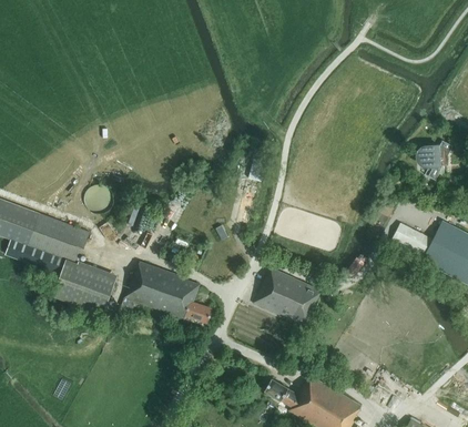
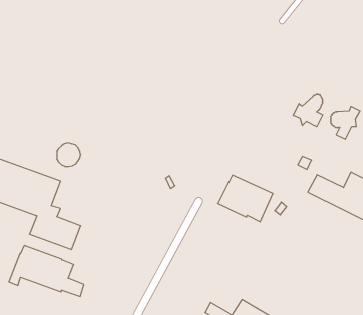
building: none -> [293,94,323,127]
building: [121,262,212,324] -> [9,245,84,296]
building: [253,268,321,325] -> [217,175,273,222]

